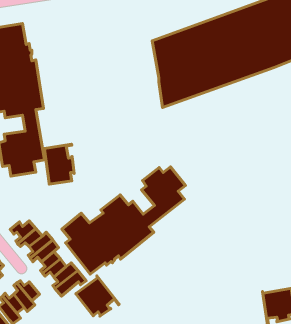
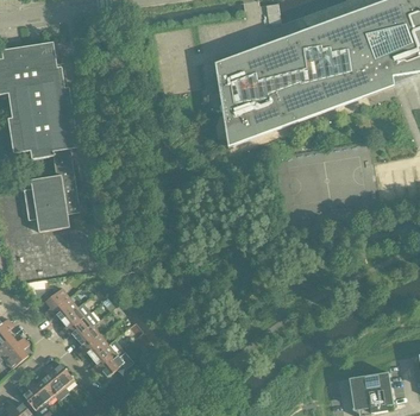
building: [42,144,74,184] -> none
building: [62,167,186,274] -> none
building: [76,276,119,316] -> none

